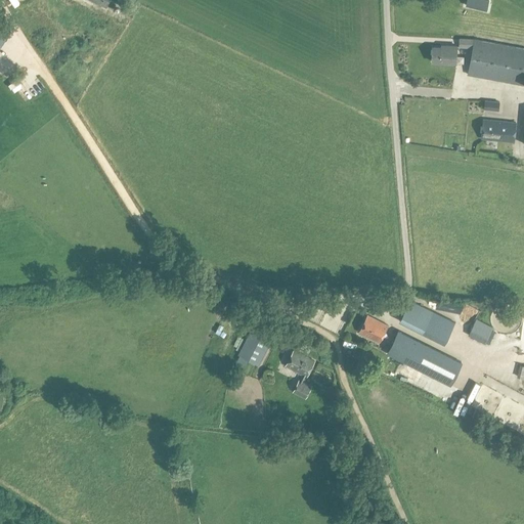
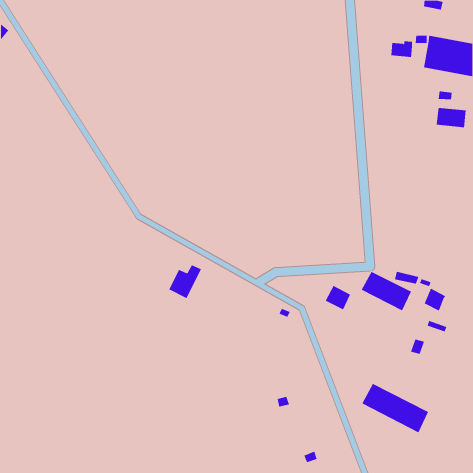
building: [238,328,275,365] -> [168,264,202,299]
building: [382,329,456,384] -> [361,383,429,433]
building: [286,351,314,398] -> none

